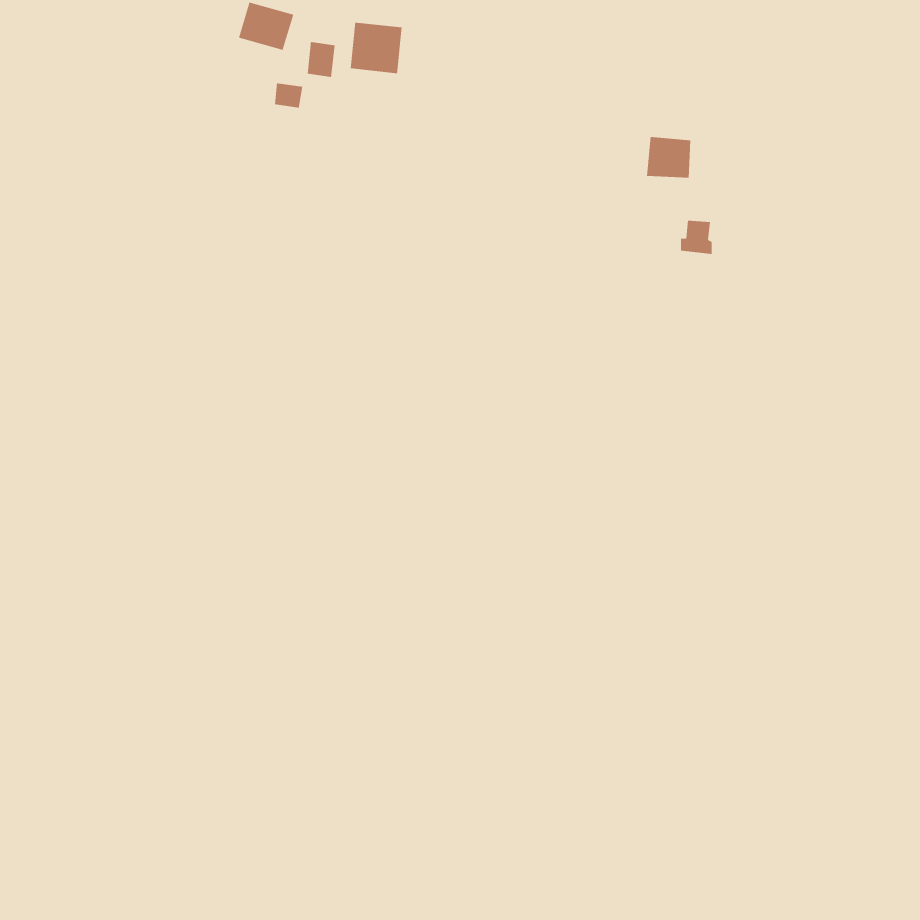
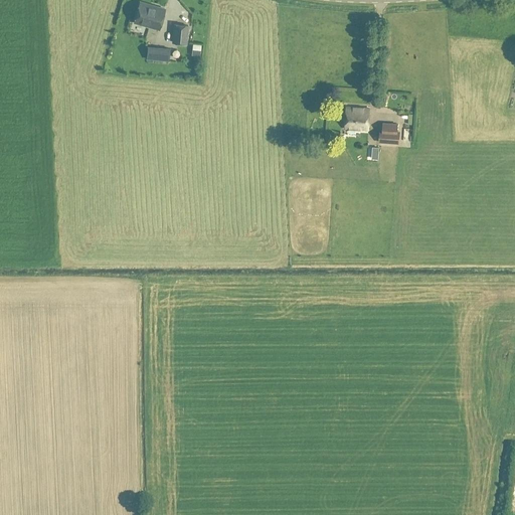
building: [350,22,402,74] -> none
building: [646,137,691,178] -> [344,107,369,130]

